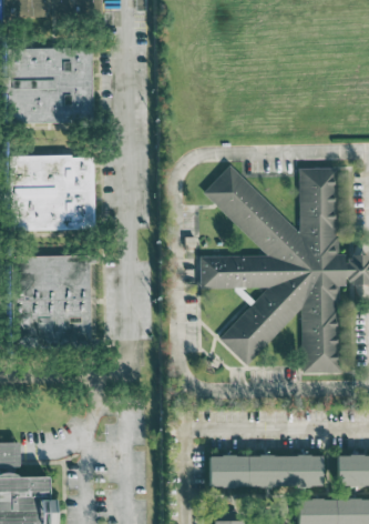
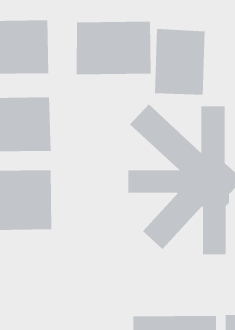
building: none -> [76,21,151,75]
building: none -> [154,28,205,96]

